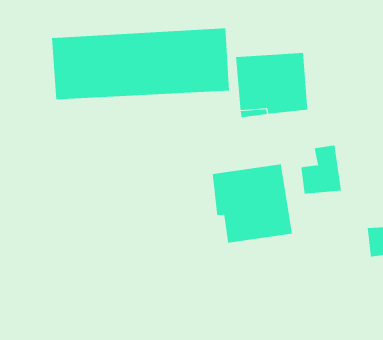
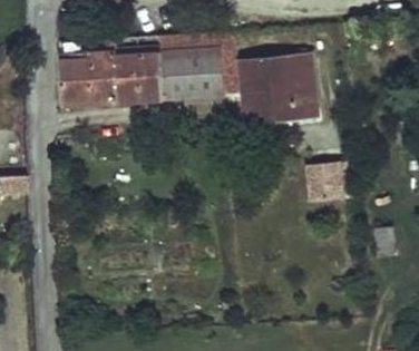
building: [212,163,293,243] -> none

